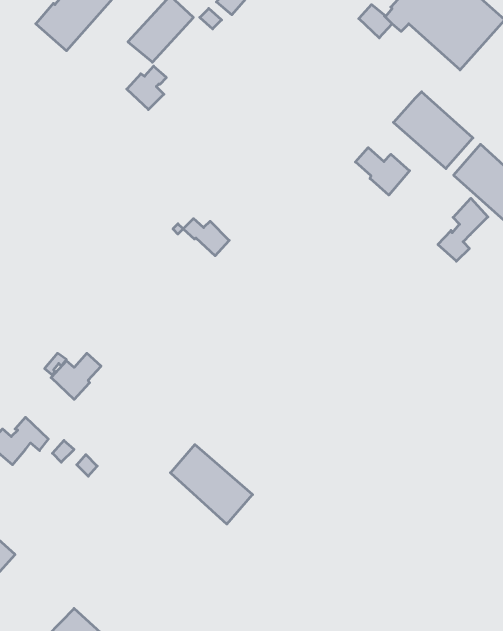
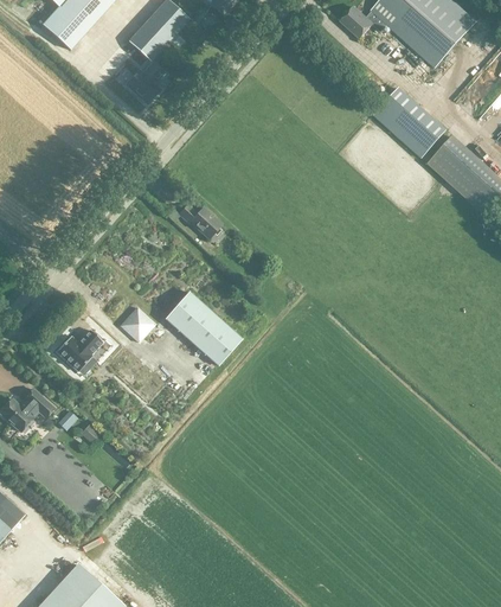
building: [355,148,410,195] -> none
building: [438,198,488,261] -> none
building: none -> [118,306,155,343]
building: [170,445,253,524] -> [165,292,240,365]

